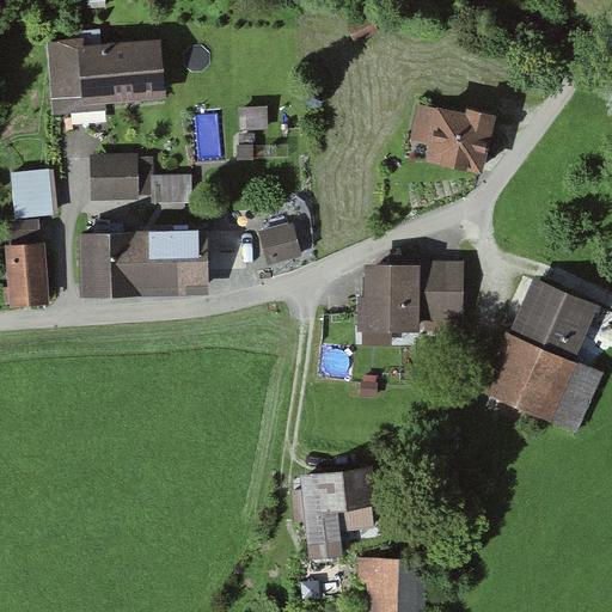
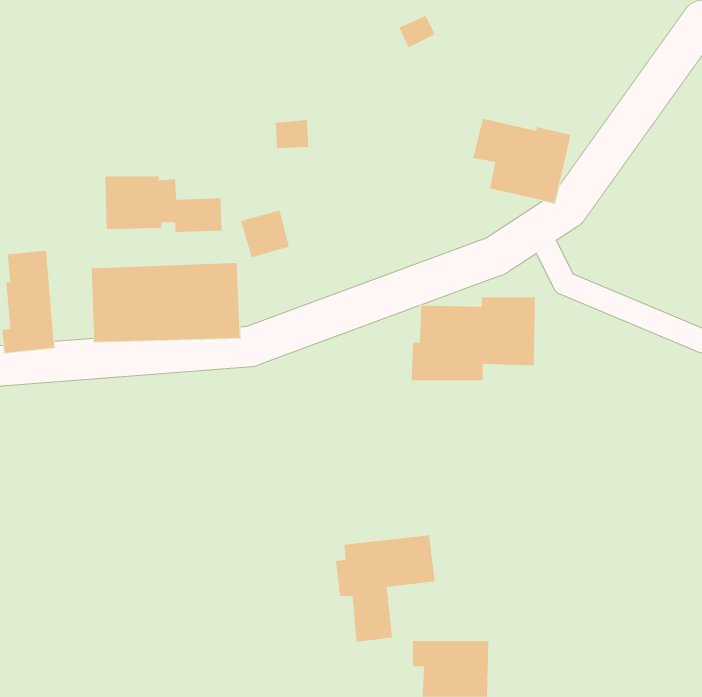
building: [45,38,167,115] -> none
building: [11,167,55,216] -> none
building: [259,221,302,263] -> [240,210,290,258]
building: [482,277,602,433] -> none

